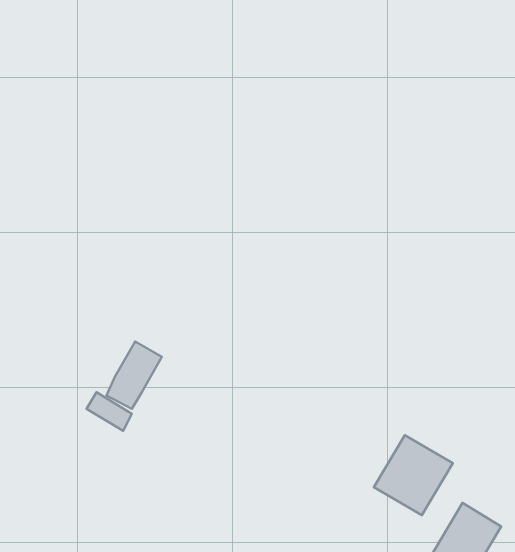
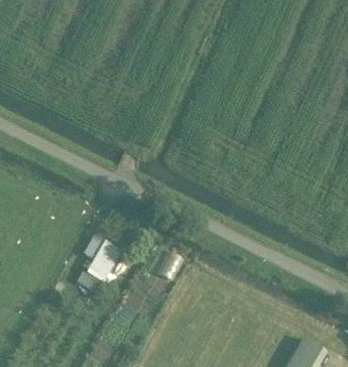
building: [374,435,453,515] -> none

